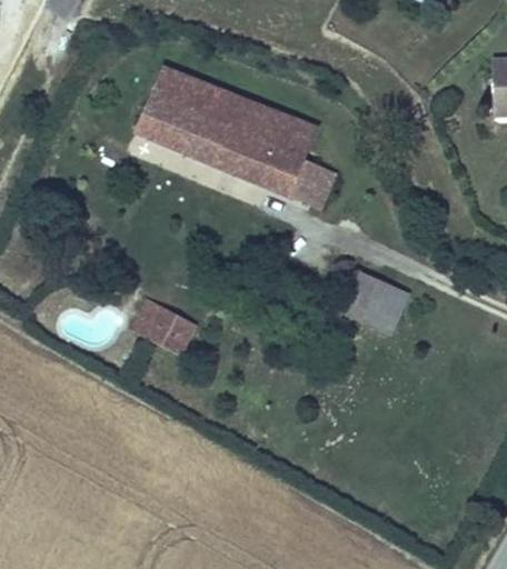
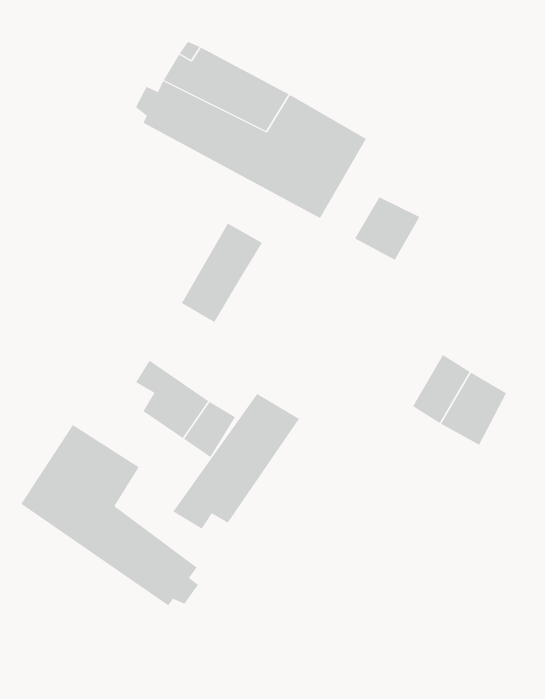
building: [259,117,316,192] -> [181,223,263,323]
building: none -> [172,393,300,530]
building: none -> [20,424,199,606]

